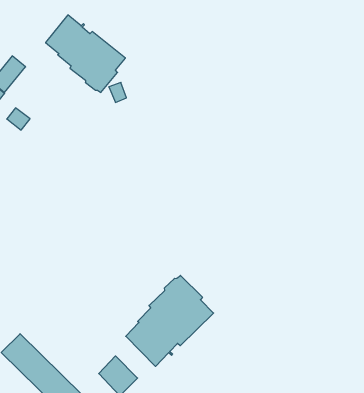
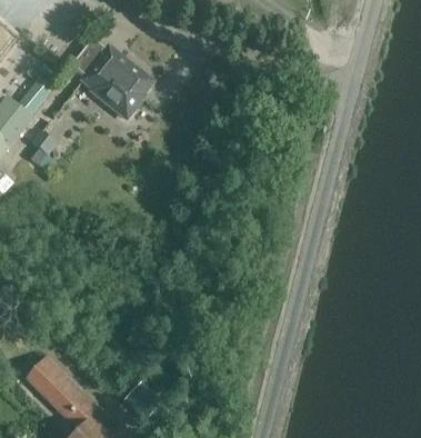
building: [126,275,214,366] -> none

